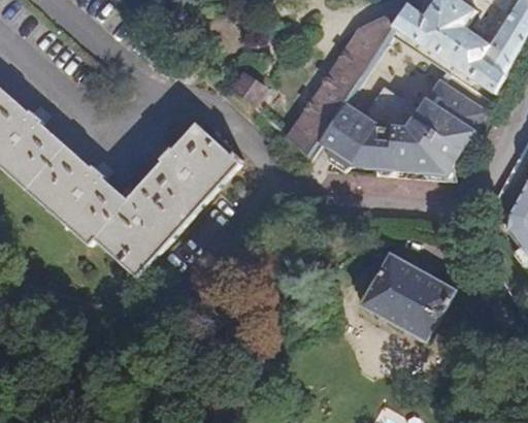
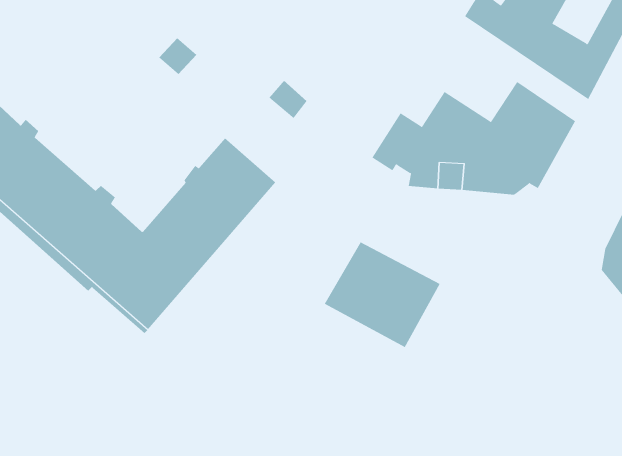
building: [286,17,394,154] -> none
building: [362,253,458,340] -> [324,241,440,348]

